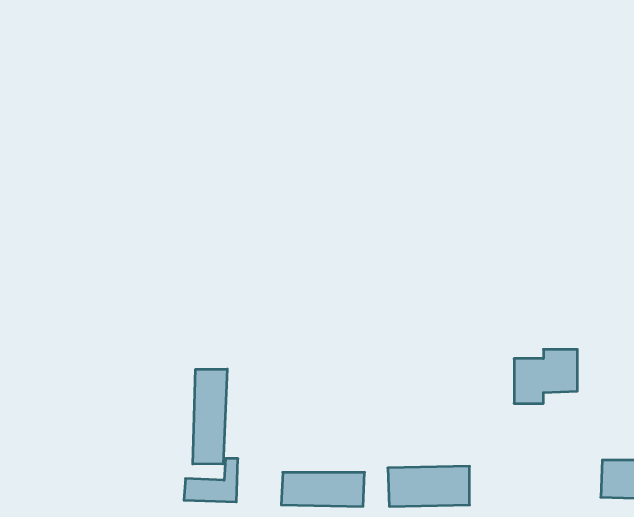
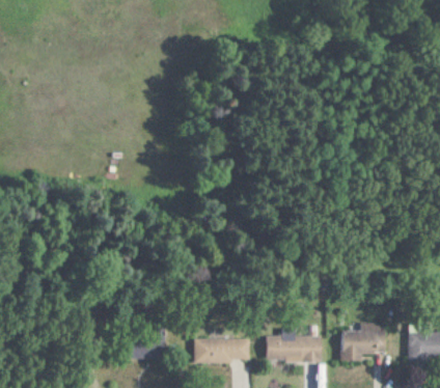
building: [514,349,577,403] -> [342,324,385,360]
building: [193,369,227,464] -> none

